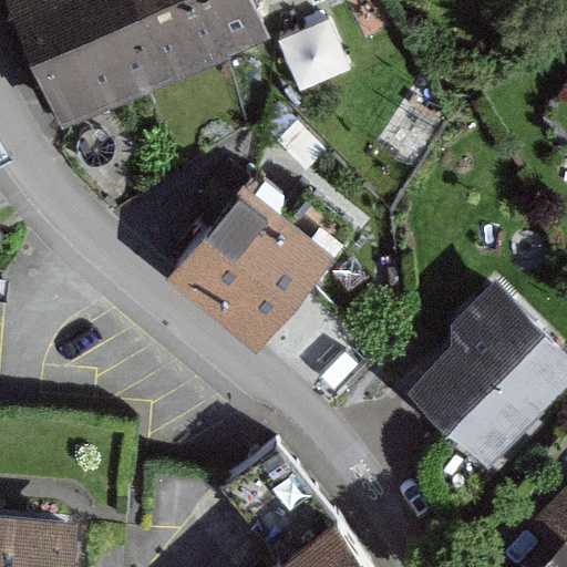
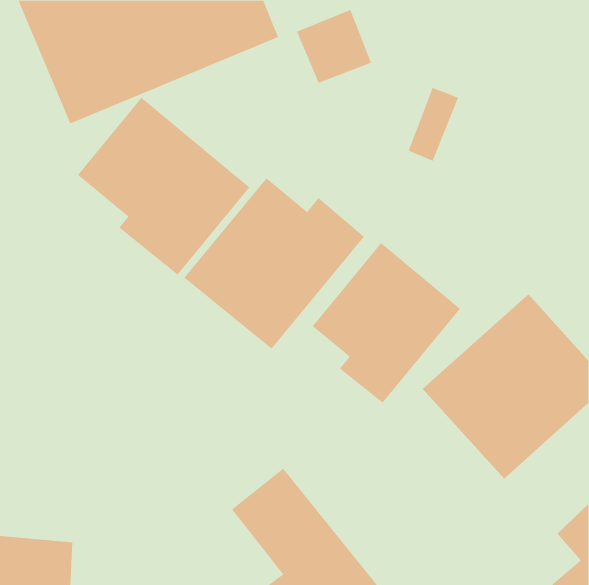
building: none -> [77,97,250,275]
building: none -> [312,242,461,403]

